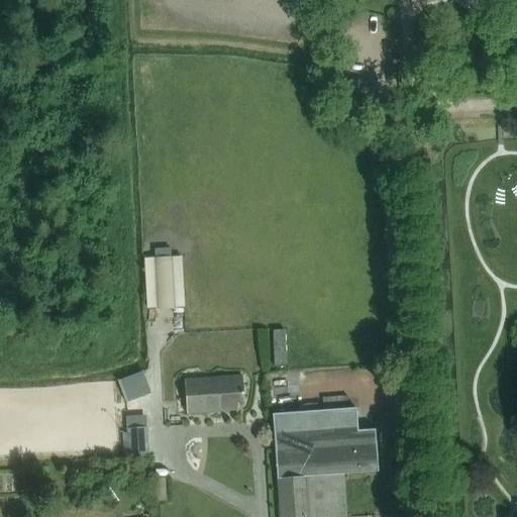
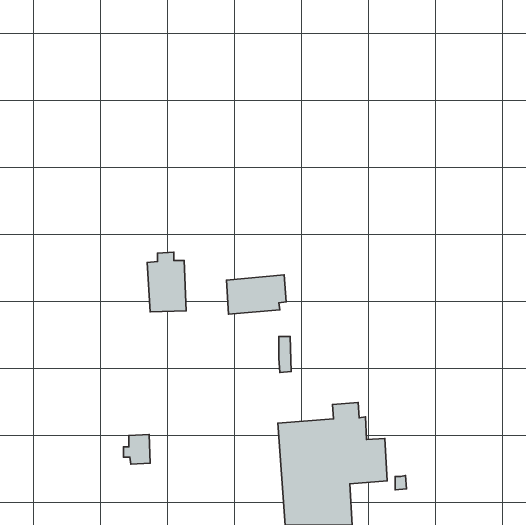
building: [120,368,152,398] -> none
building: [186,375,244,413] -> [226,275,286,314]

